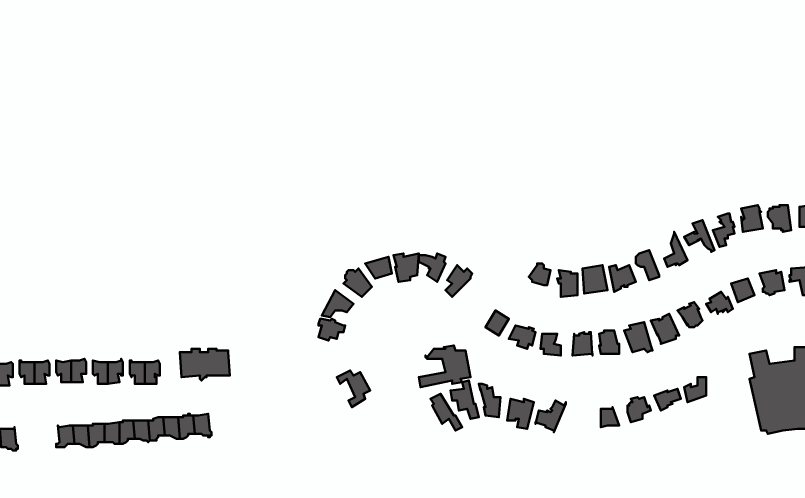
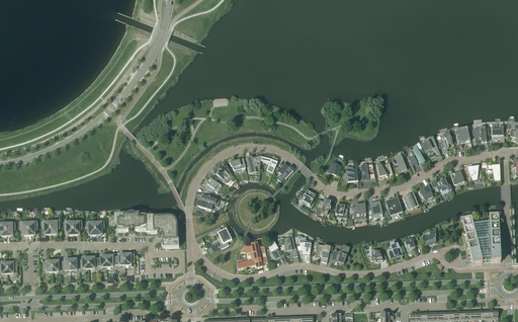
building: [419,345,470,387] -> [235,242,266,267]
building: none -> [145,215,178,246]

